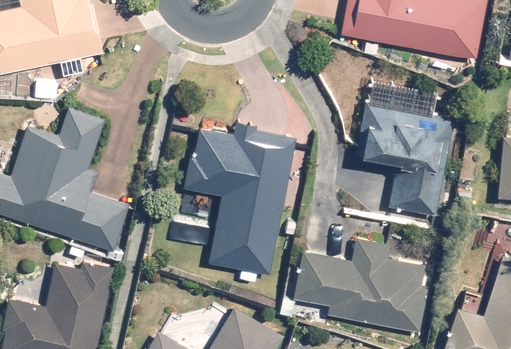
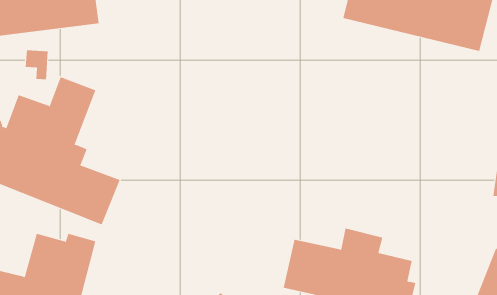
building: [355,102,452,215] -> none
building: [186,121,293,283] -> none

